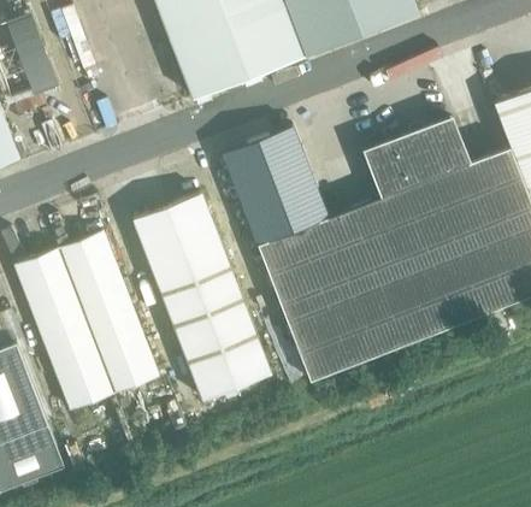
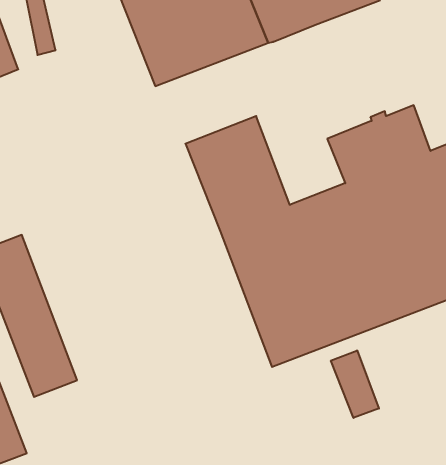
building: [132,194,271,401] -> none
building: [59,231,159,394] -> none
building: none -> [331,350,379,418]

